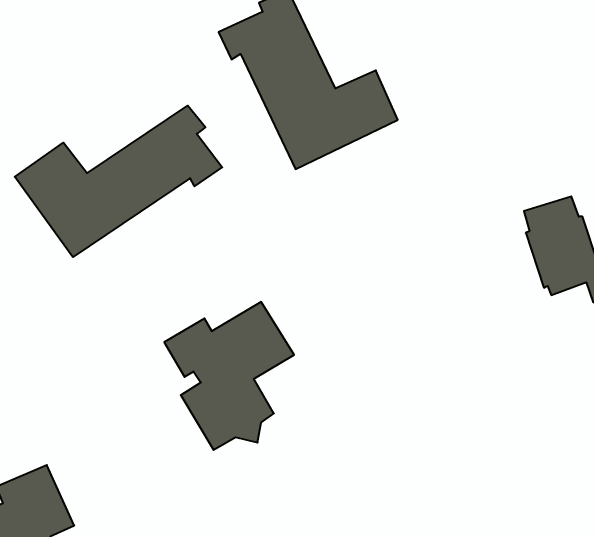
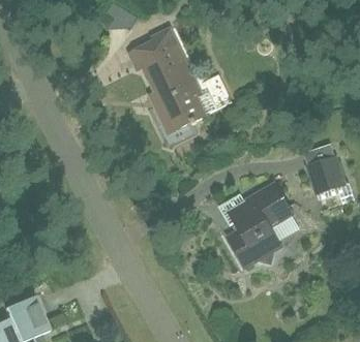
building: [15,106,222,257] -> none
building: [164,302,294,450] -> [218,184,292,268]

